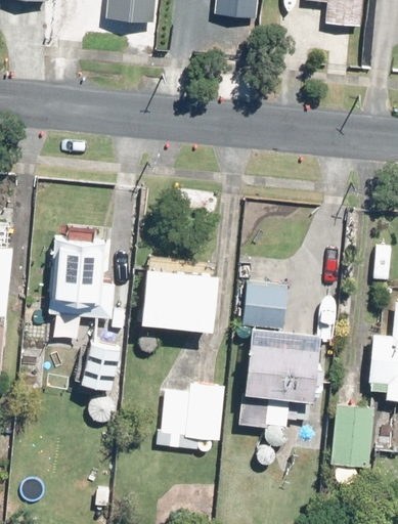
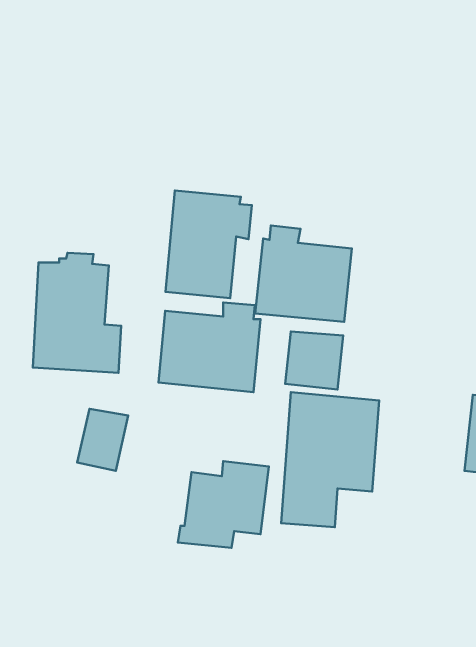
building: none -> [165,190,252,298]
building: none -> [255,226,352,322]
building: [331,405,374,466] -> none

